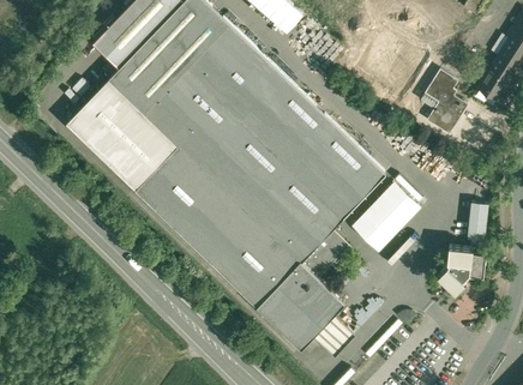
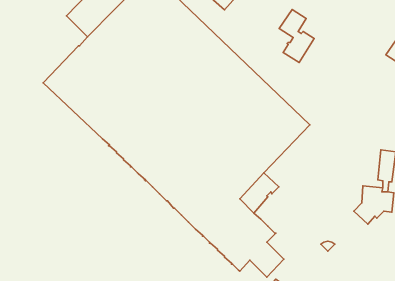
building: [425,70,467,133] -> [279,9,314,62]
building: [353,181,420,248] -> none

